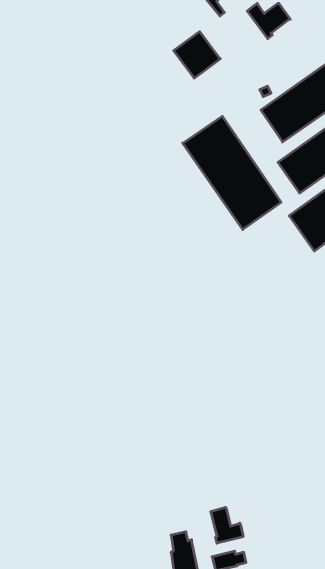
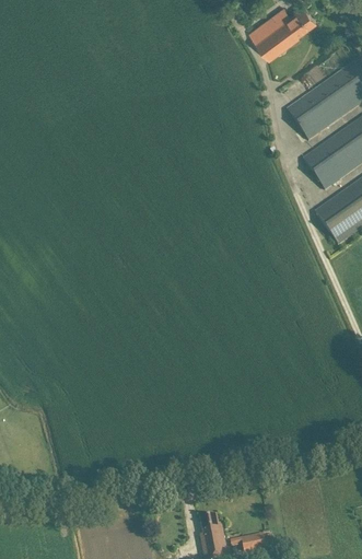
building: [174,32,220,78] -> [249,12,294,57]
building: [183,116,281,230] -> none
building: [211,507,243,543] -> none

